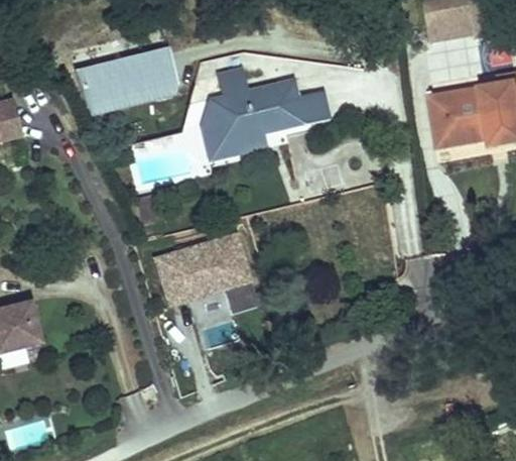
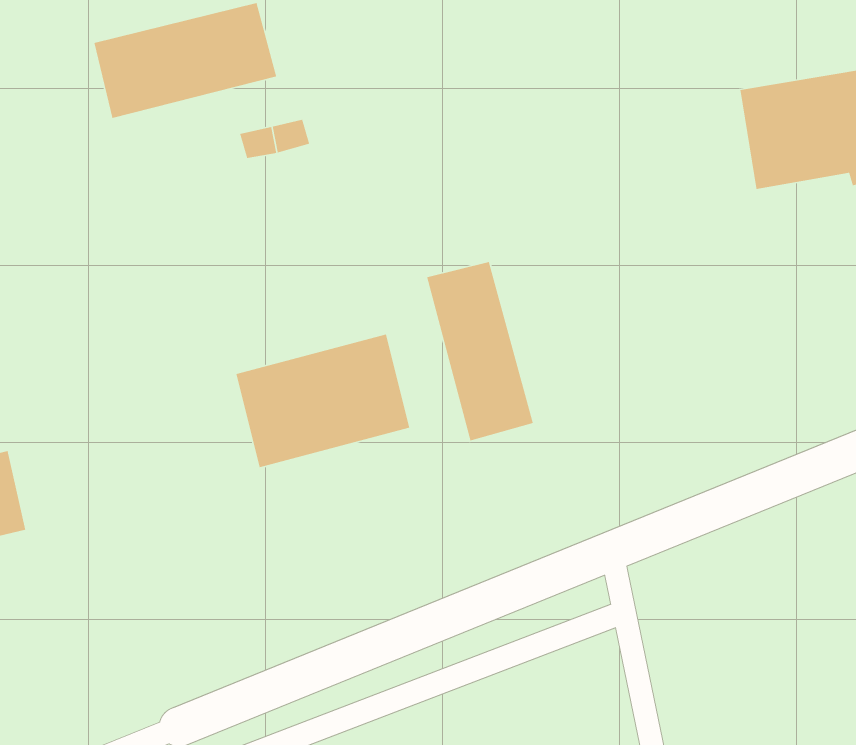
building: [198,68,340,157] -> none
building: none -> [426,261,534,441]

